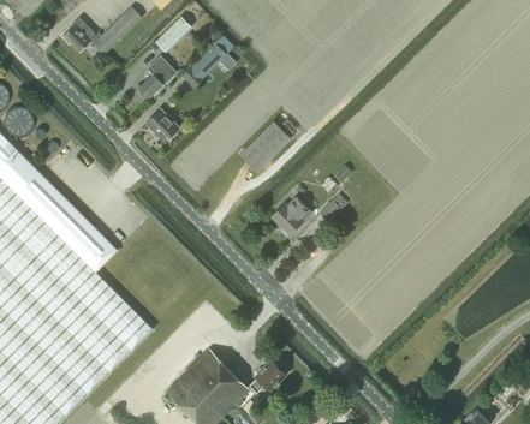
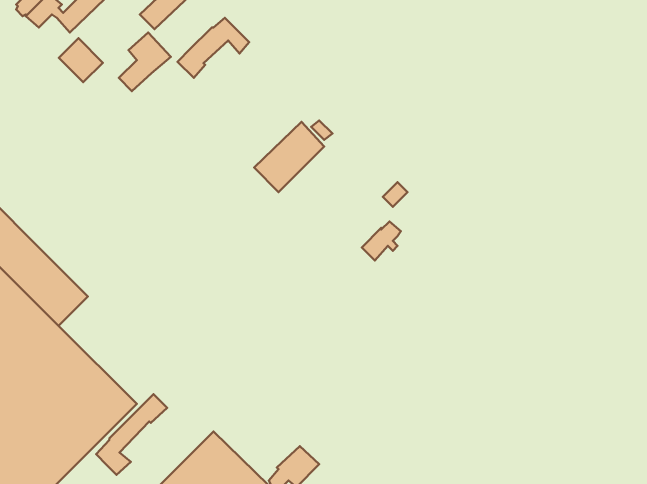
building: [147,108,179,141] -> [59,38,103,82]
building: [272,196,309,234] -> none
building: none -> [96,394,167,475]

